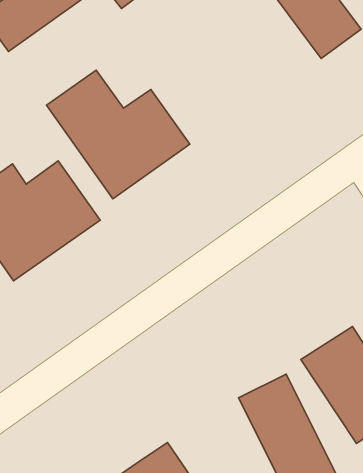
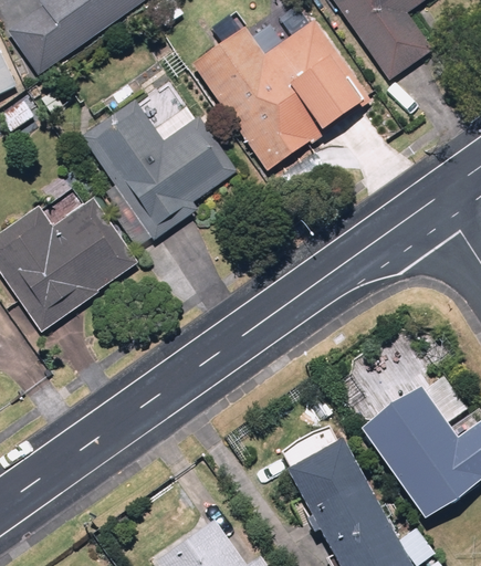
building: none -> [190,21,366,171]

